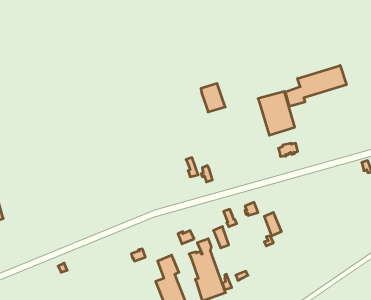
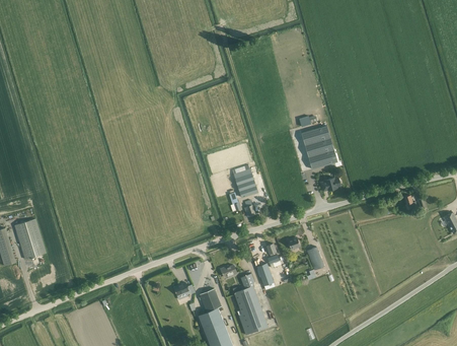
building: [286,65,346,106] -> none
building: [201,84,225,112] -> [233,168,257,197]

